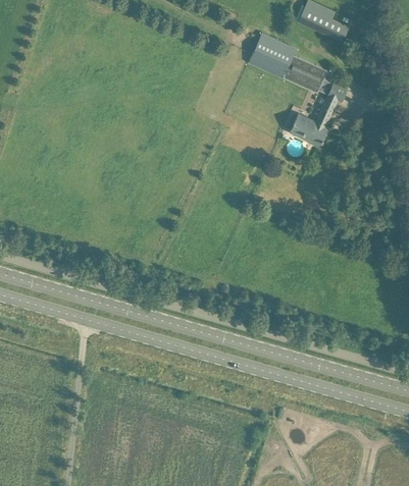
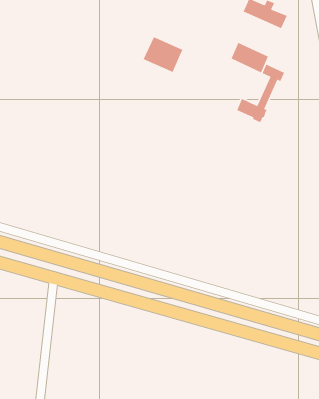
building: [251,34,297,75] -> [143,36,183,73]

